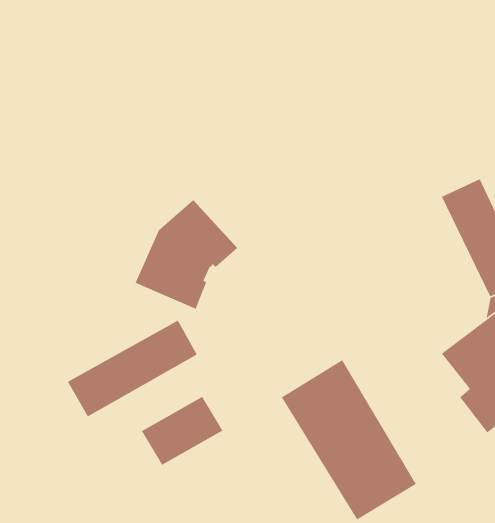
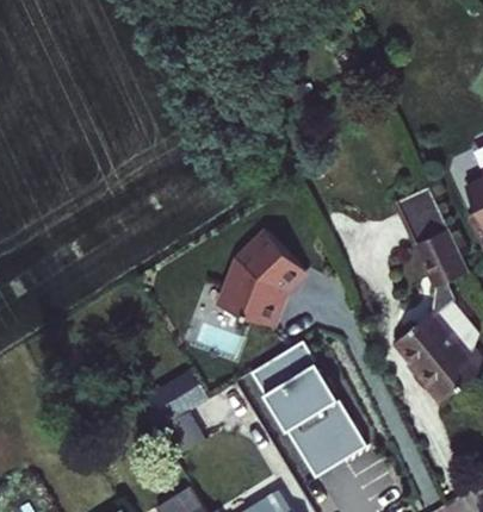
building: [134,199,238,310] -> [225,235,314,329]
building: [67,319,198,417] -> none

